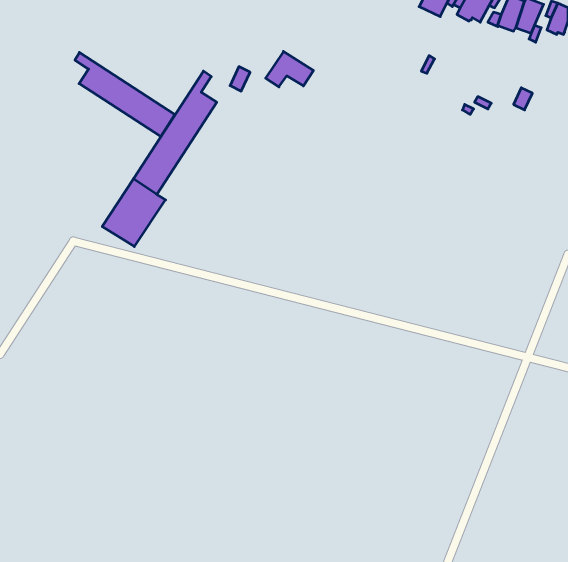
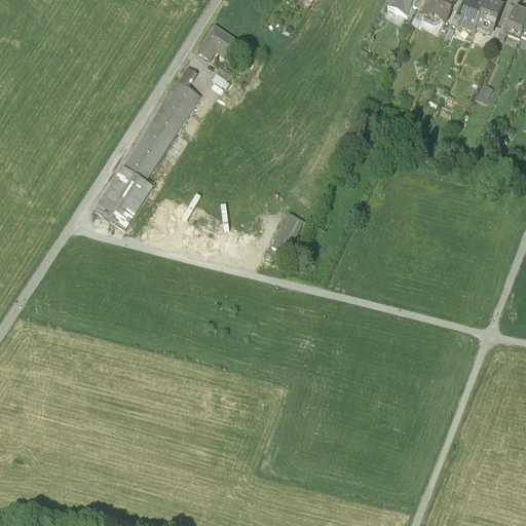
building: [266,51,313,87] -> [197,26,241,59]
building: [75,52,175,137] -> none
building: none -> [272,212,304,253]

